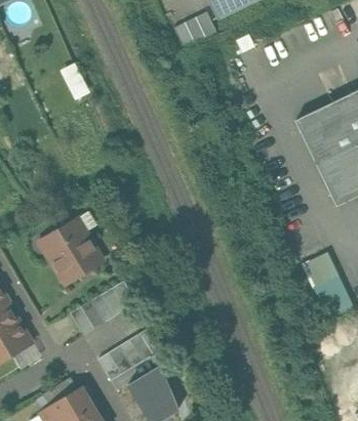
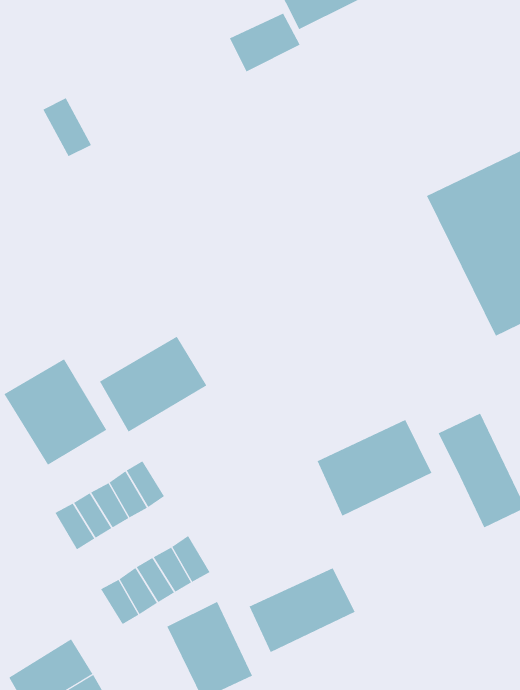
building: none -> [99,336,207,432]
building: none -> [317,419,432,516]
building: none -> [249,568,355,653]

